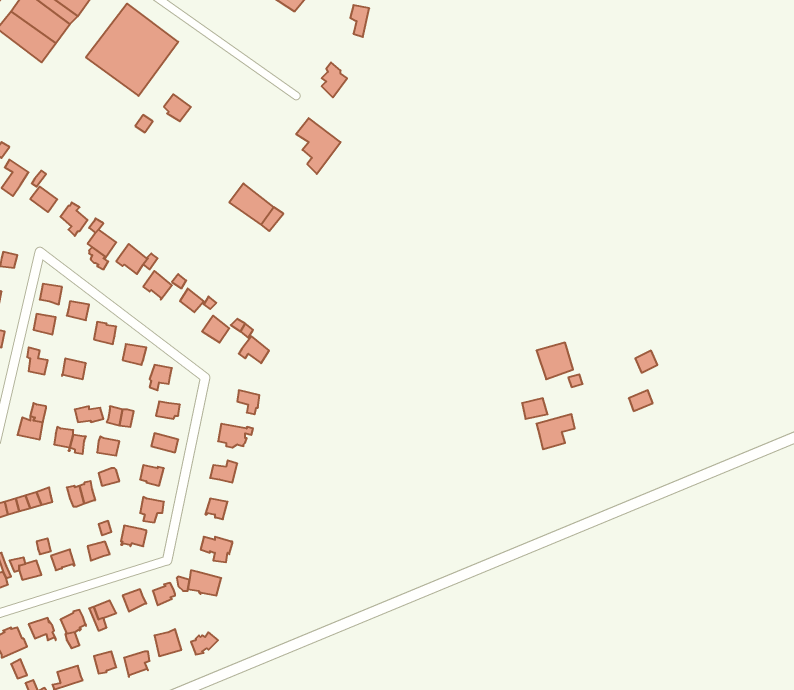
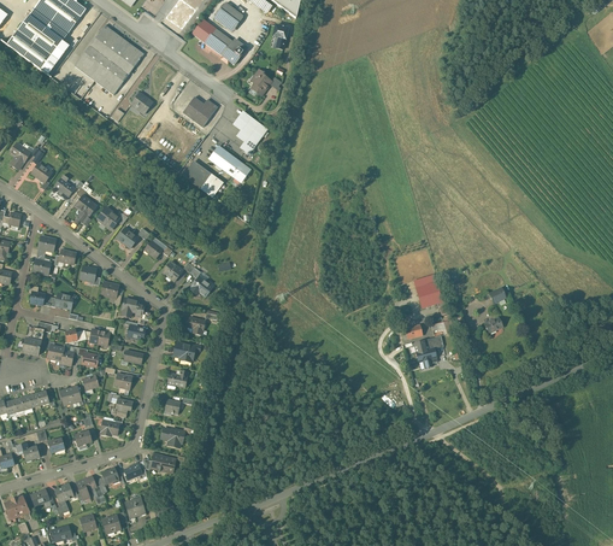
building: none -> [204,28,244,64]
building: none -> [183,96,217,125]
building: none -> [208,146,249,181]

